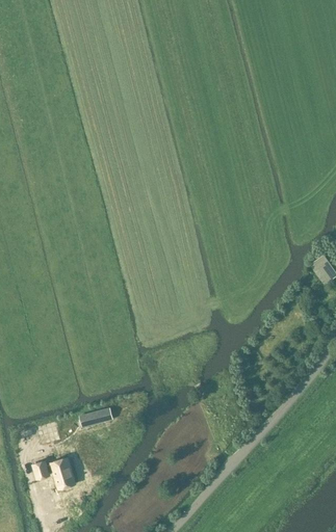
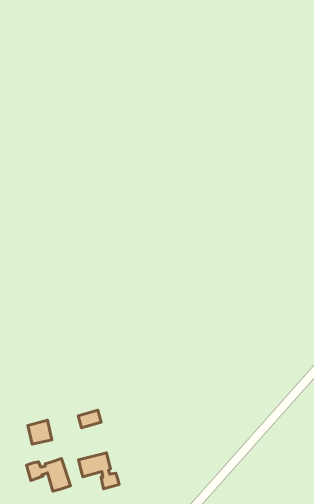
building: none -> [79,453,119,489]

